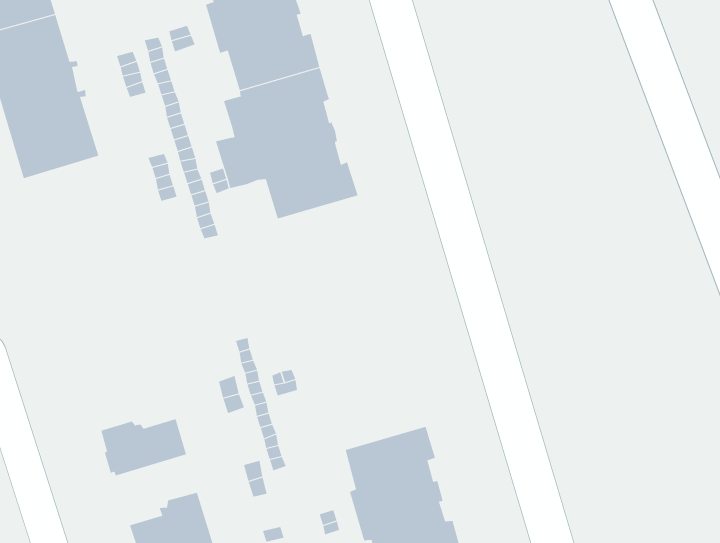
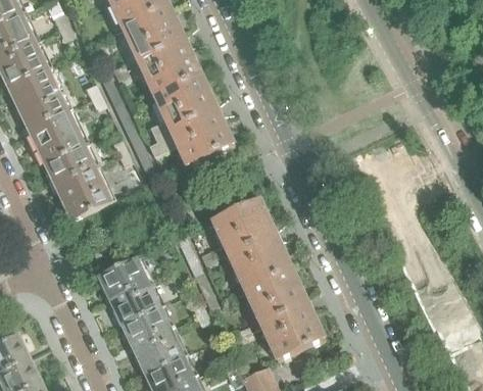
building: none -> [46,148,117,224]
building: none -> [219,203,295,293]
building: none -> [99,260,153,303]
building: none -> [124,309,172,354]

